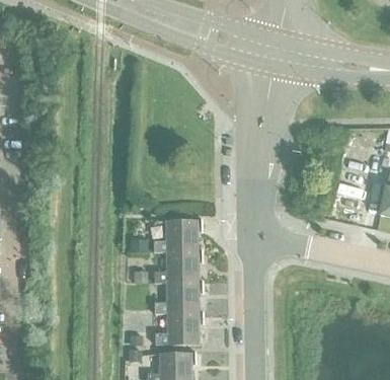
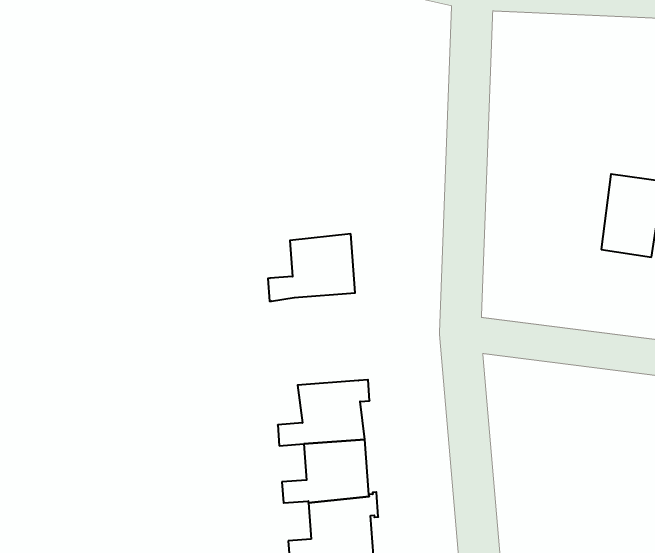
building: [153,221,199,253] -> [268,234,355,301]

